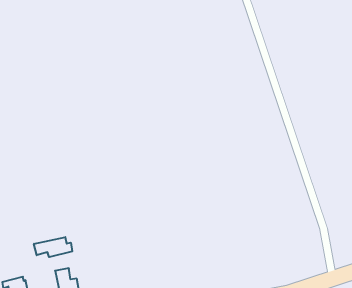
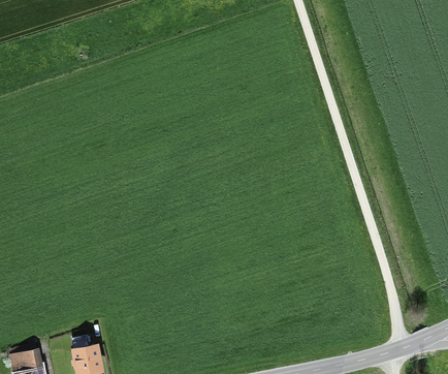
building: [34,237,72,257] -> none

